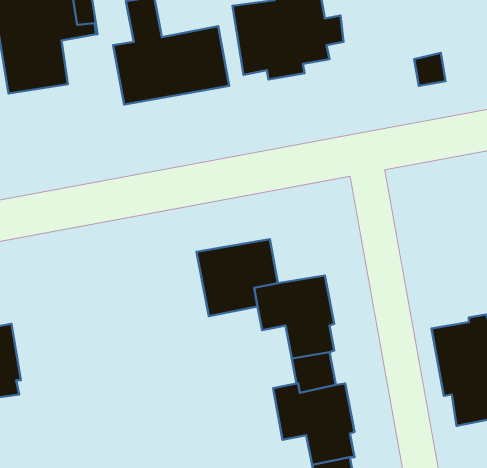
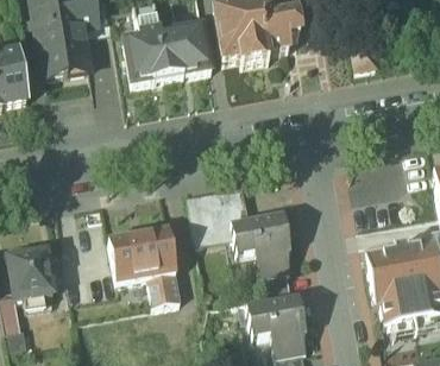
building: none -> [108,227,181,303]

